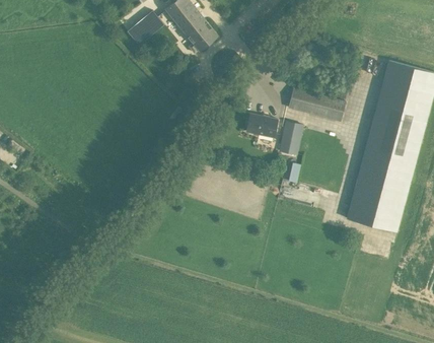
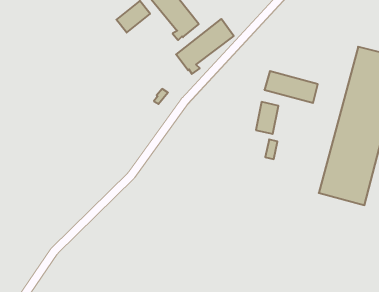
building: none -> [176,19,234,74]
building: [245,113,279,138] -> none

